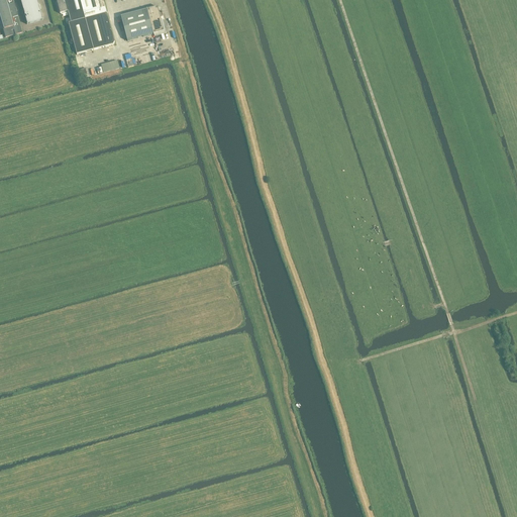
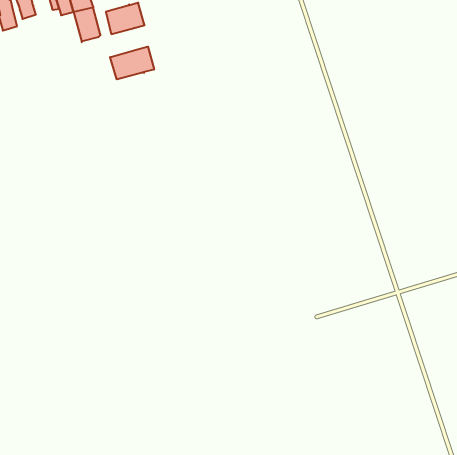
building: [67,13,92,51] -> none
building: none -> [110,47,154,79]

